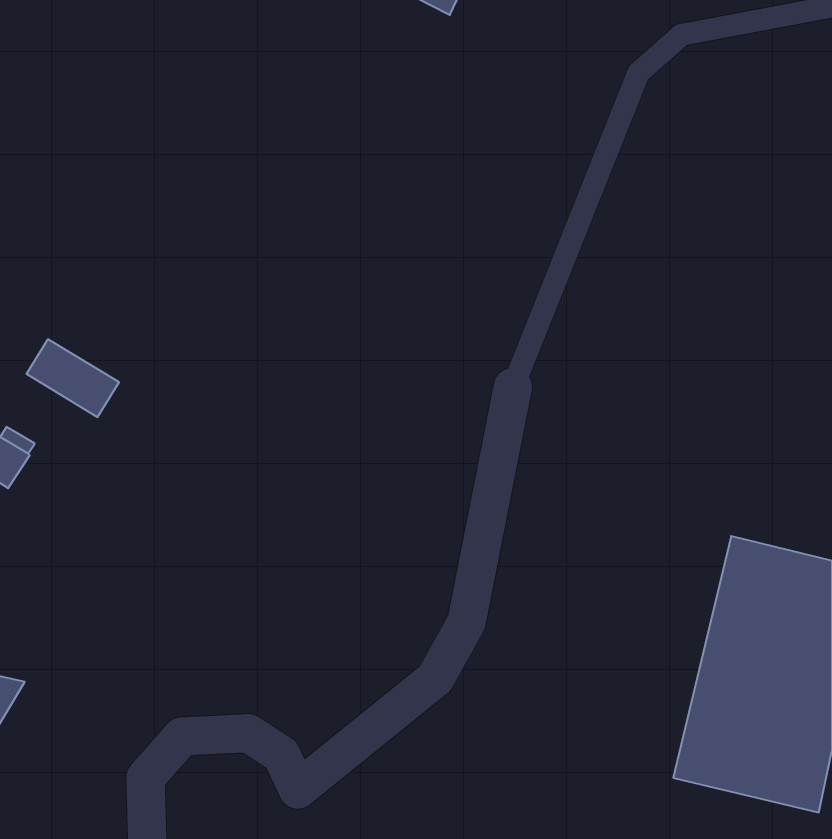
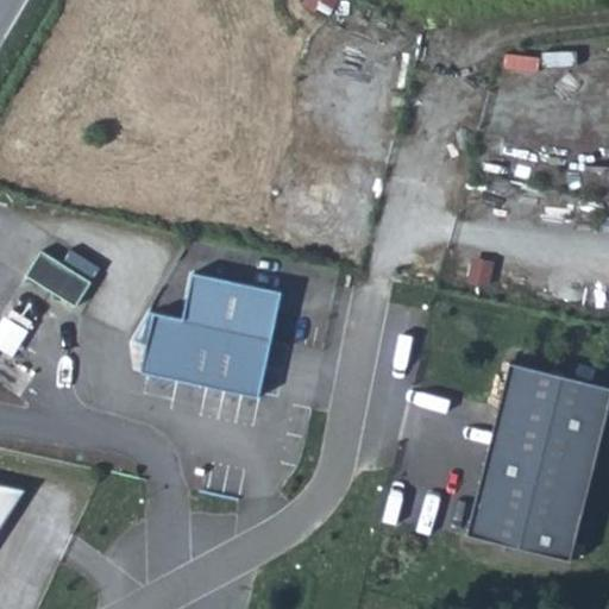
building: none -> [125,269,272,390]

